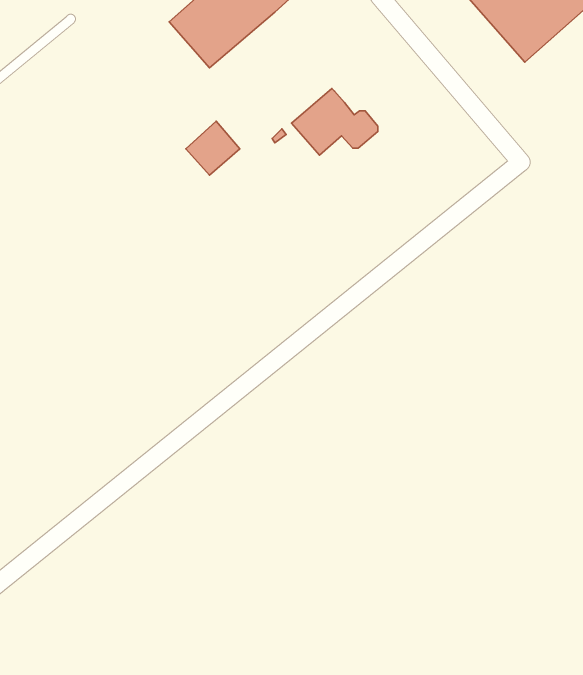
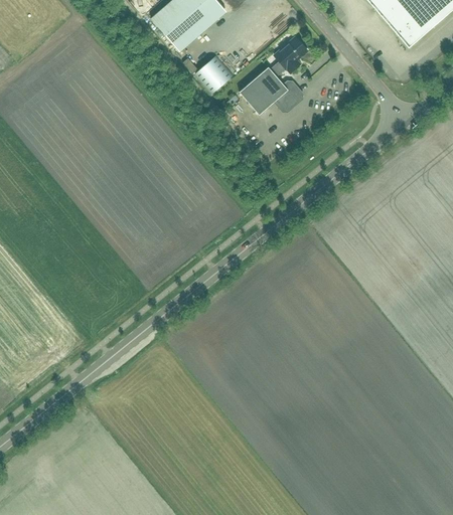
building: none -> [271,35,308,75]
building: [186,121,240,175] -> [194,53,234,93]

